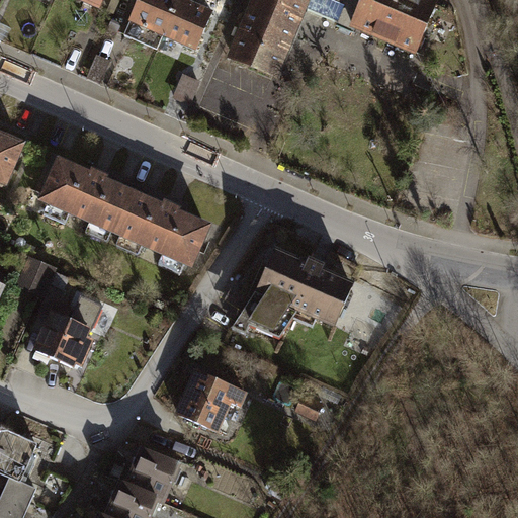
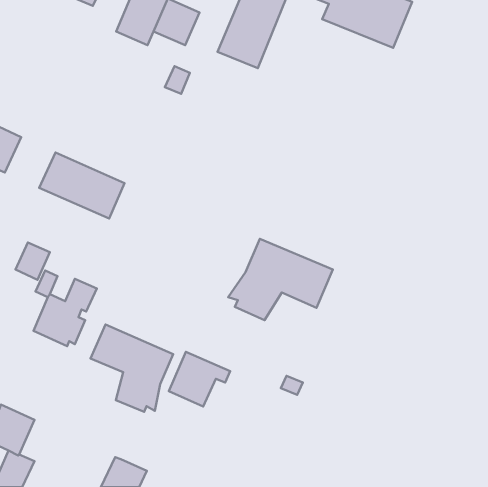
building: [115,193,206,263] -> none
building: none -> [91,324,173,412]
building: [127,448,176,499] -> none

